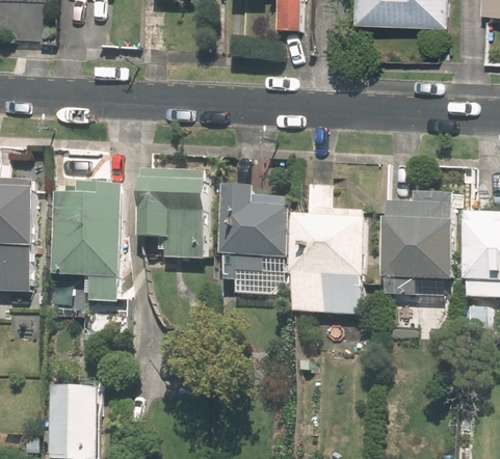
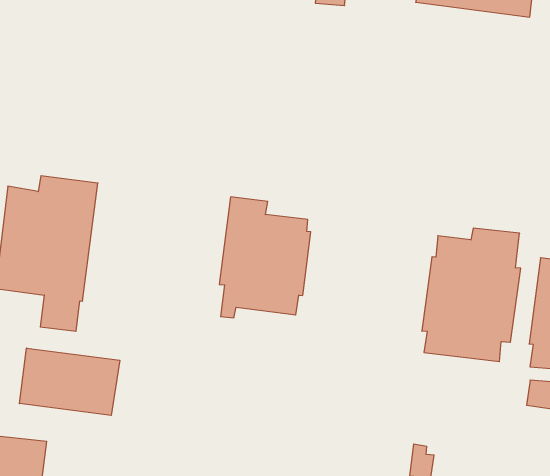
building: [140,167,210,258] -> none
building: [295,185,367,313] -> none
building: none -> [19,348,120,415]

